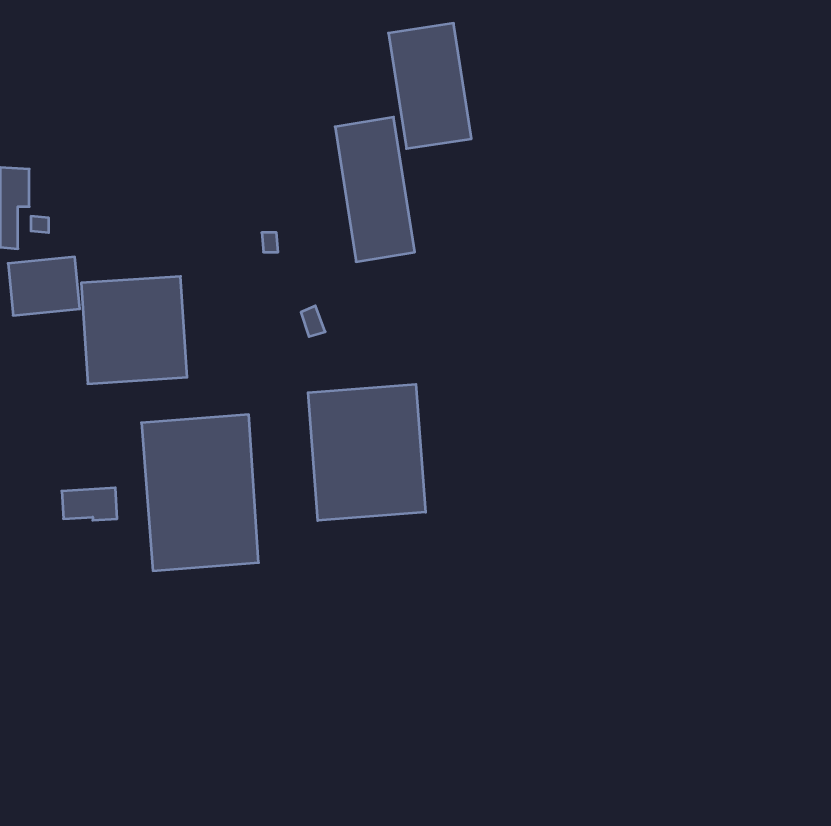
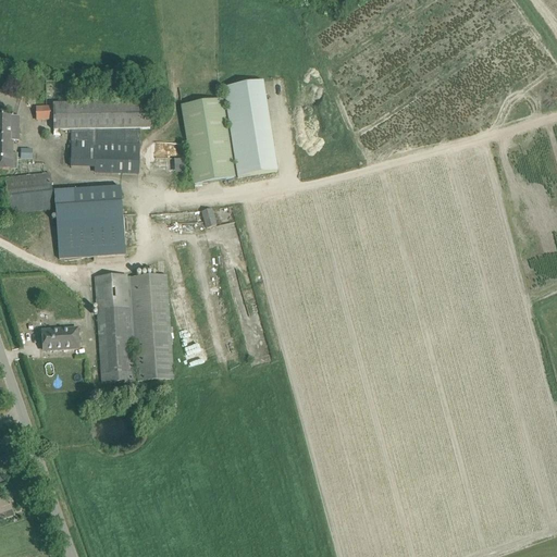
building: [388,23,471,149] -> [180,97,235,181]
building: none -> [35,99,149,172]
building: [308,384,426,521] -> none

